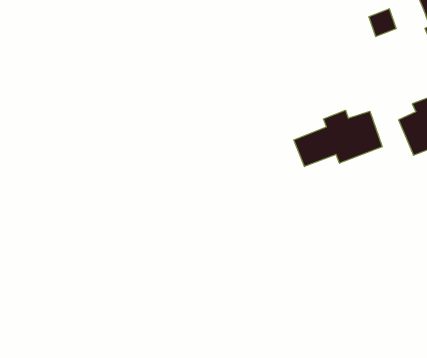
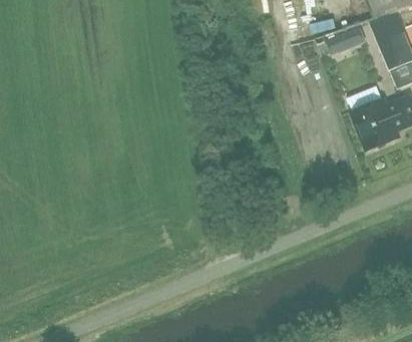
building: [294,110,382,167] -> none

